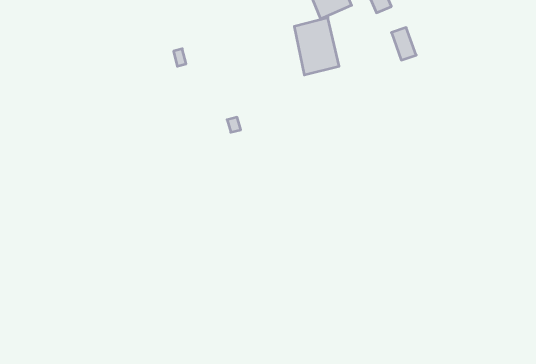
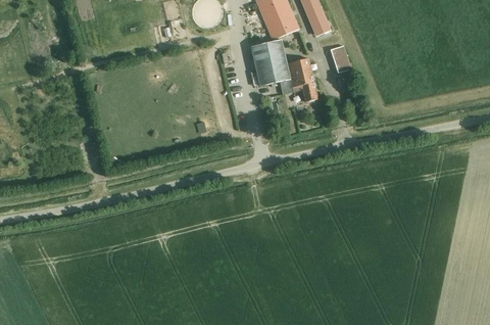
building: none -> [284,57,316,102]

